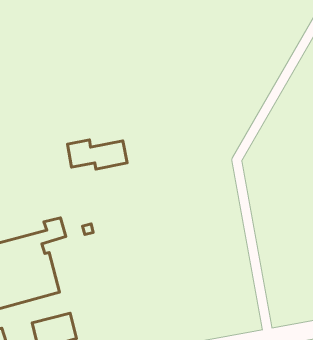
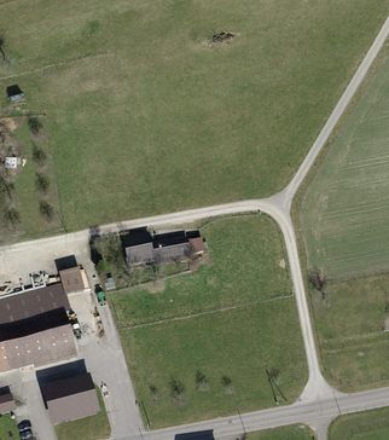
building: [67,140,127,169] -> [122,232,191,266]

